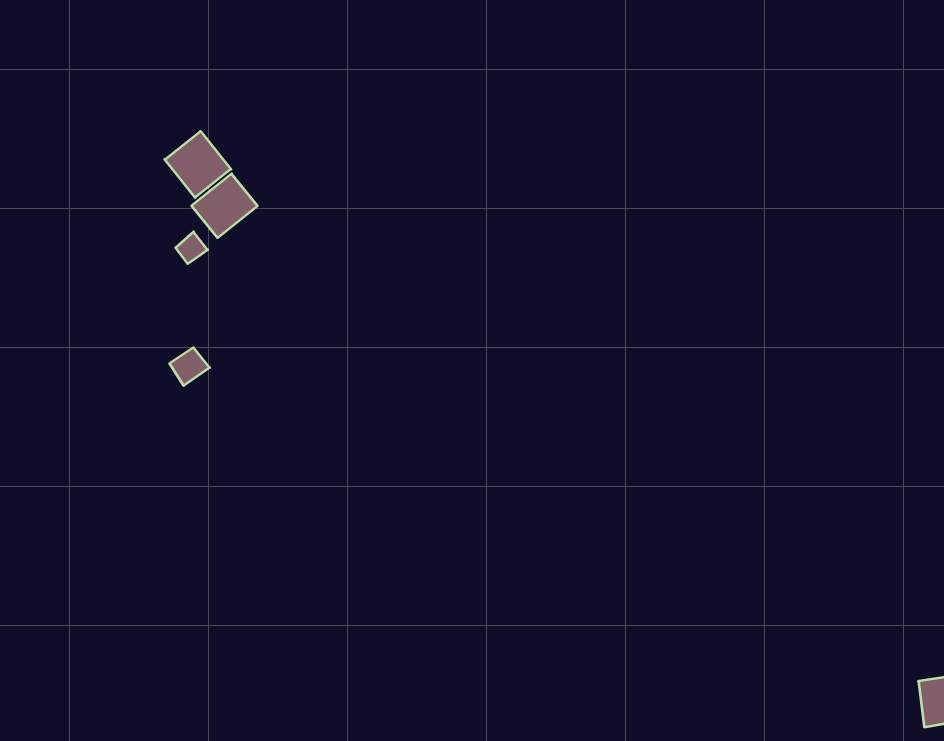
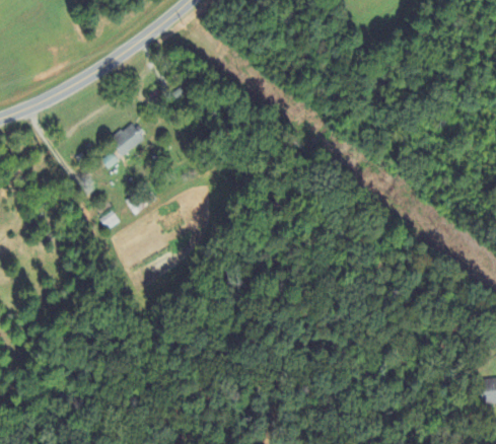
building: [165,131,231,198] -> none

